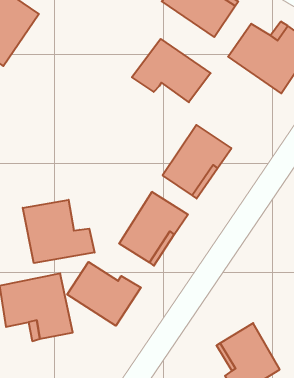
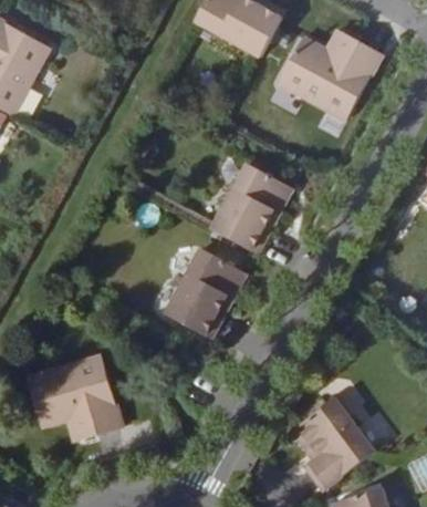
building: [132,39,211,102] -> none
building: [23,200,95,263] -> none
building: [67,262,141,326] -> none

